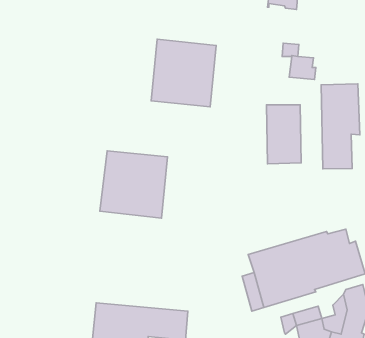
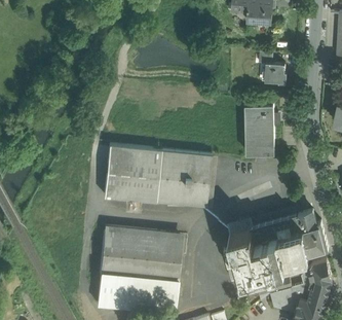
building: [151,39,216,107] -> [156,150,212,208]
building: [321,84,360,169] -> none
building: none -> [100,233,183,282]

